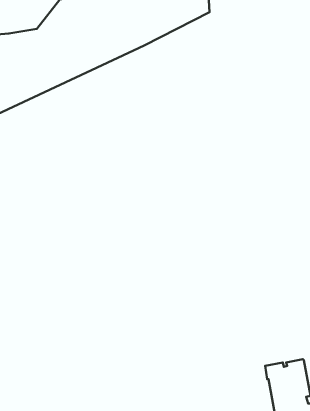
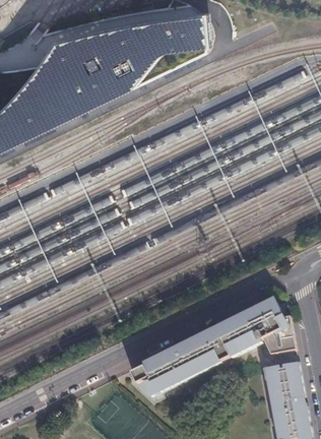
building: none -> [131,305,296,400]

